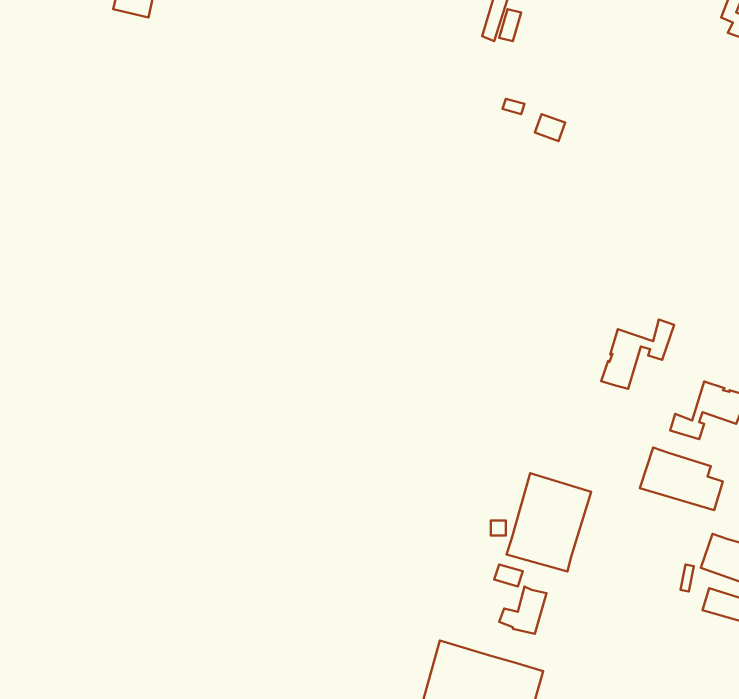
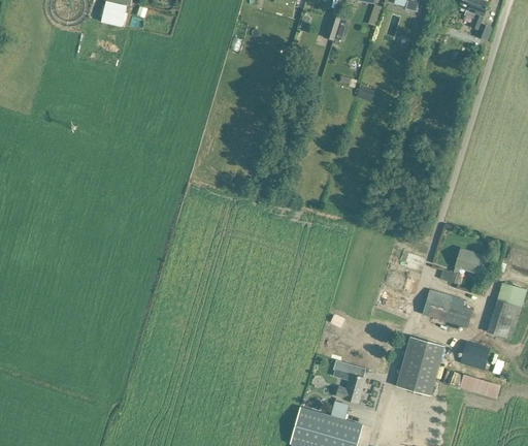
building: [601,320,674,389] -> none
building: [506,473,591,571] -> [395,336,447,395]

